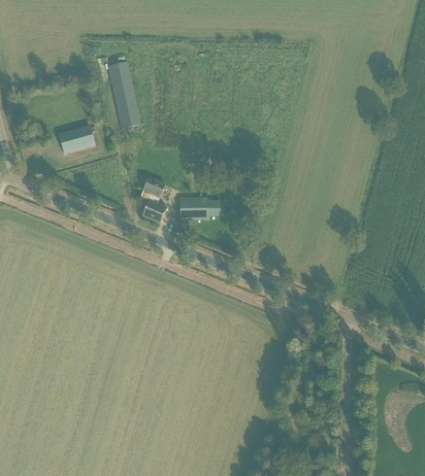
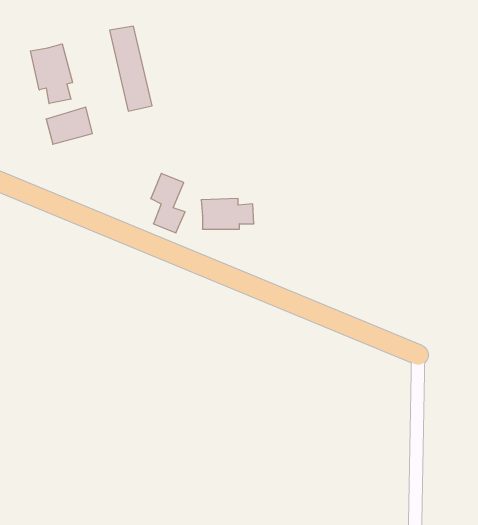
building: none -> [30,44,73,104]

